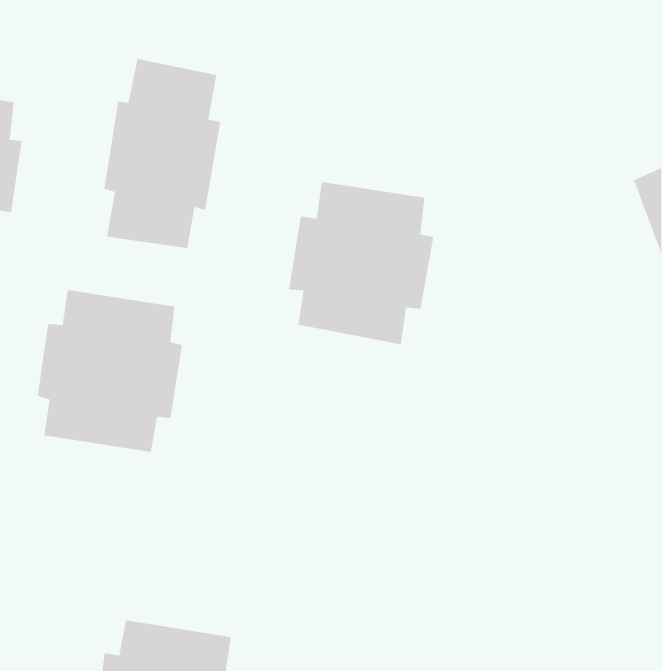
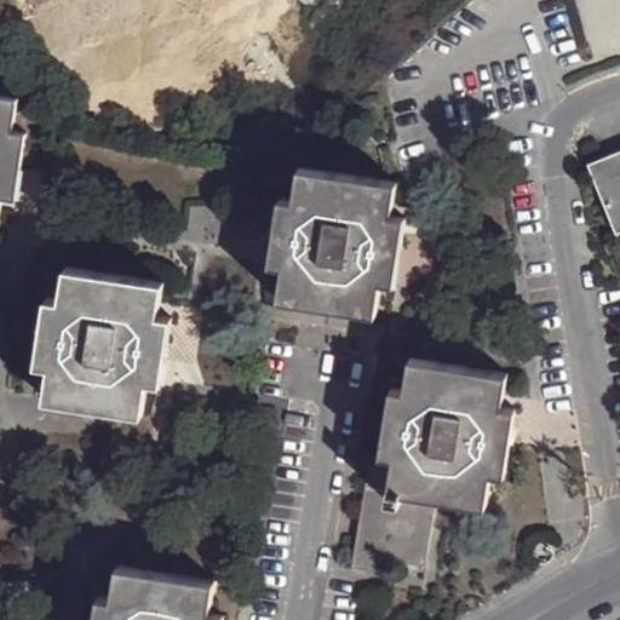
building: [104,58,221,249] -> none
building: none -> [345,362,512,579]

